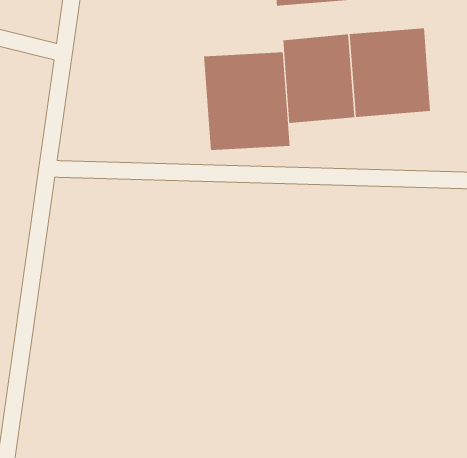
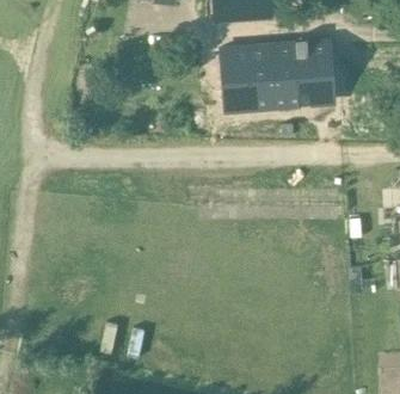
building: [204,51,290,151] -> none

